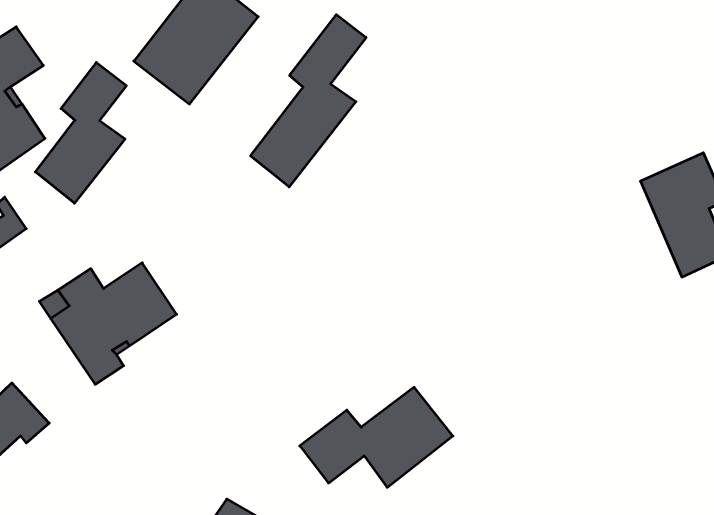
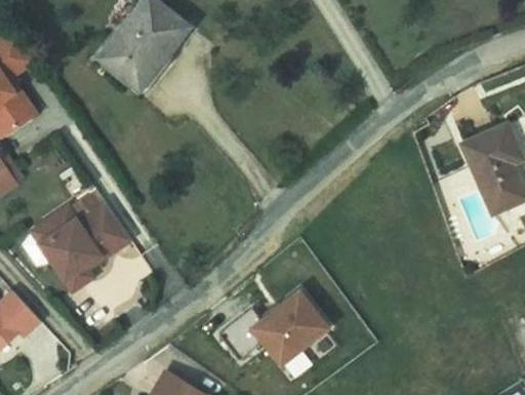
building: [251,15,366,187] -> none
building: [35,62,126,203] -> none

